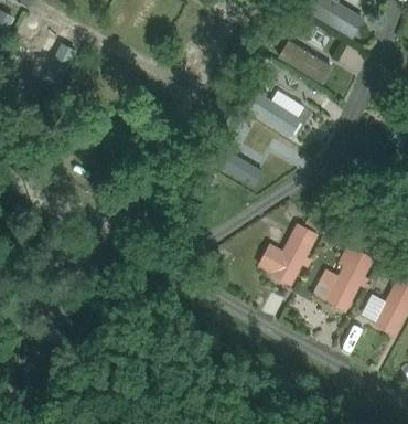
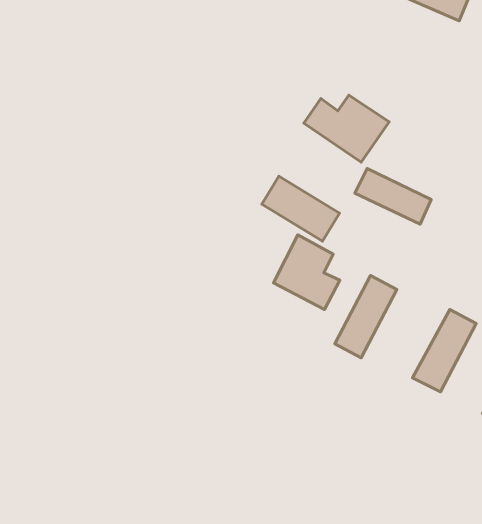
building: [281,45,335,85] -> [355,168,431,224]
building: none -> [273,235,340,309]

